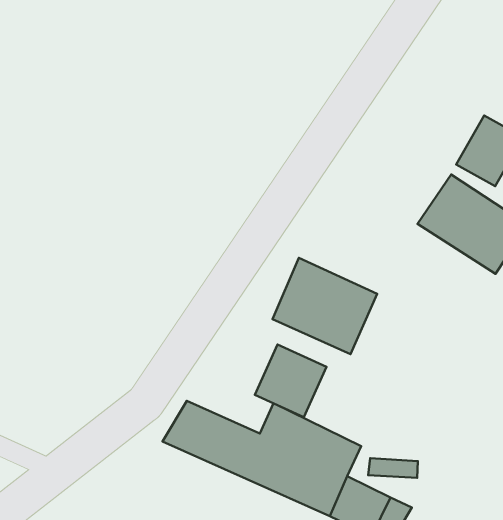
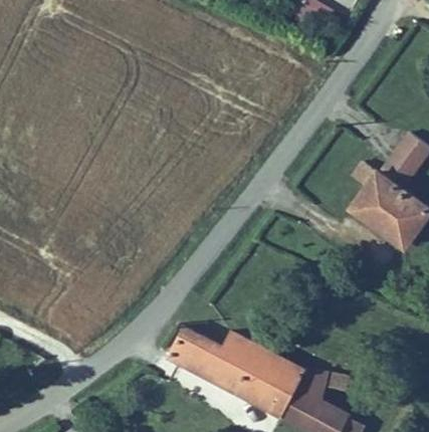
building: [272,258,377,354] -> none
building: [255,344,326,417] -> none

